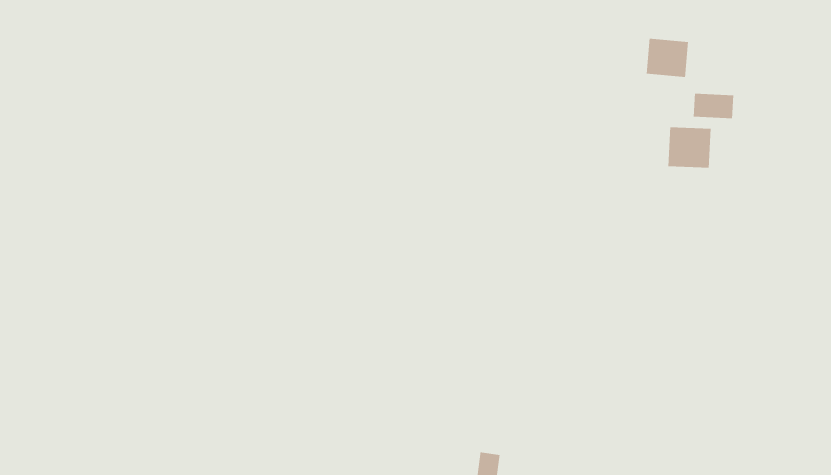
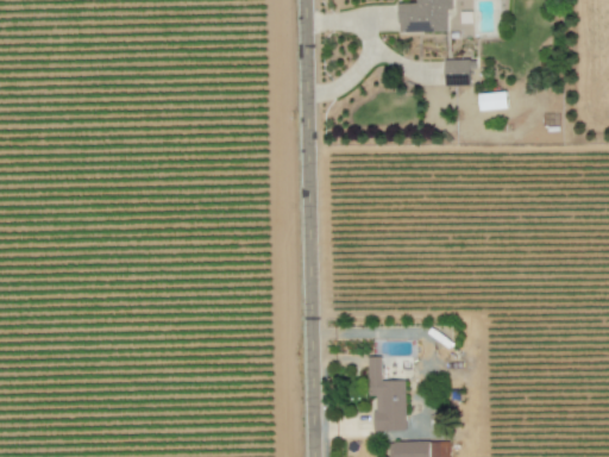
building: [668,126,712,169] -> none

